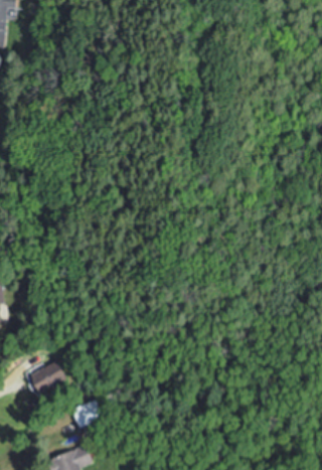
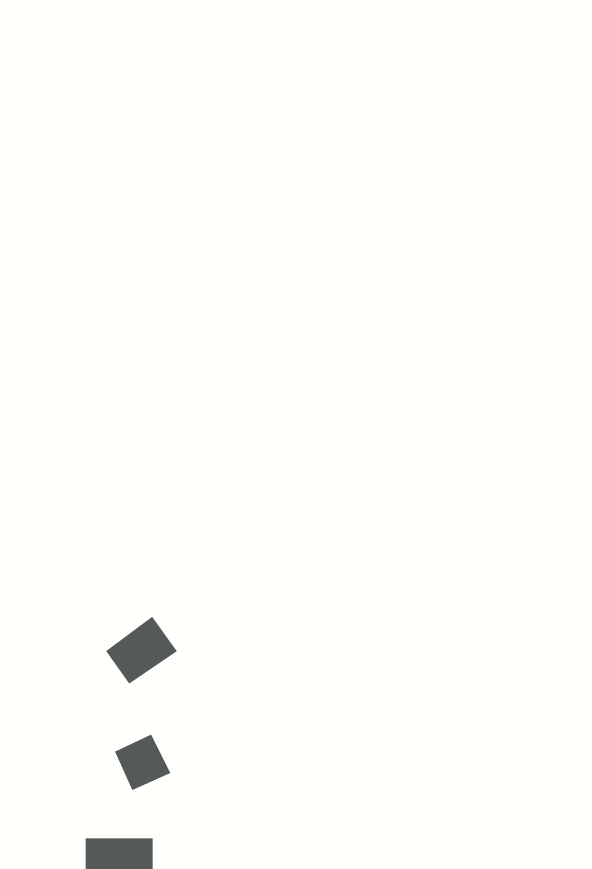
building: [29,360,66,396] -> [105,616,178,684]

